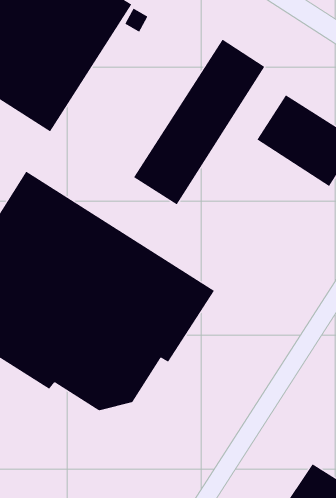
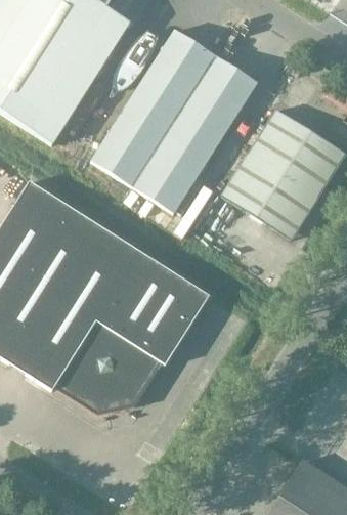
building: none -> [90,29,216,187]
building: none -> [221,152,318,240]

